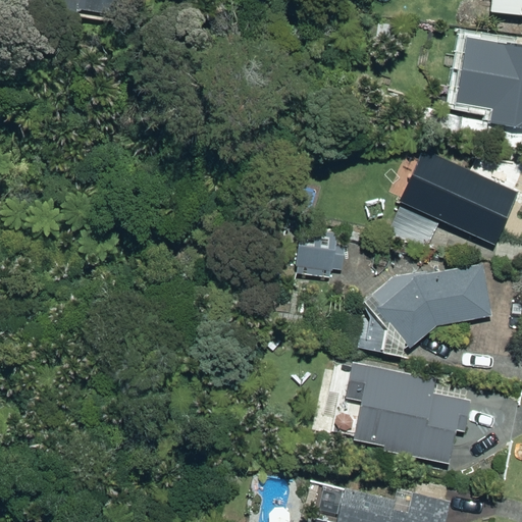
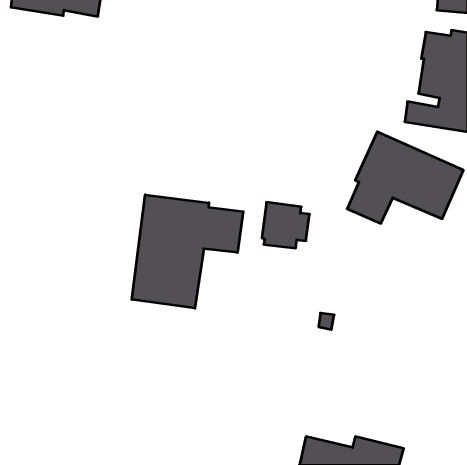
building: none -> [132,195,243,308]
building: [375,262,490,347] -> none
building: [350,371,462,470] -> none

